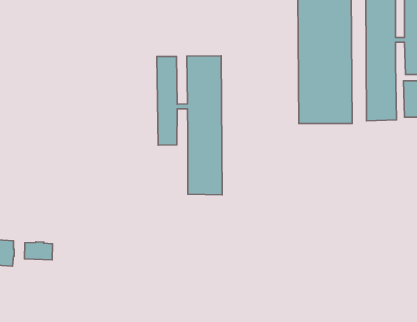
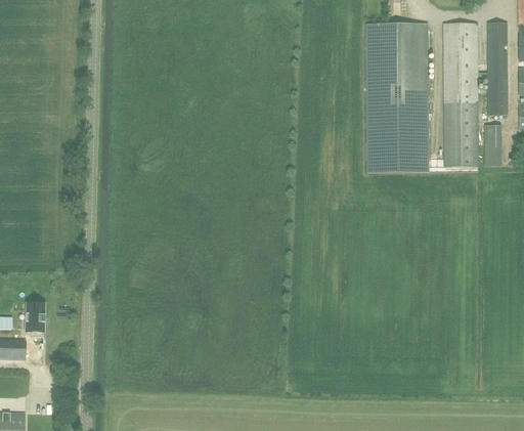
building: [157,56,222,195] -> none
building: [25,242,52,260] -> none

